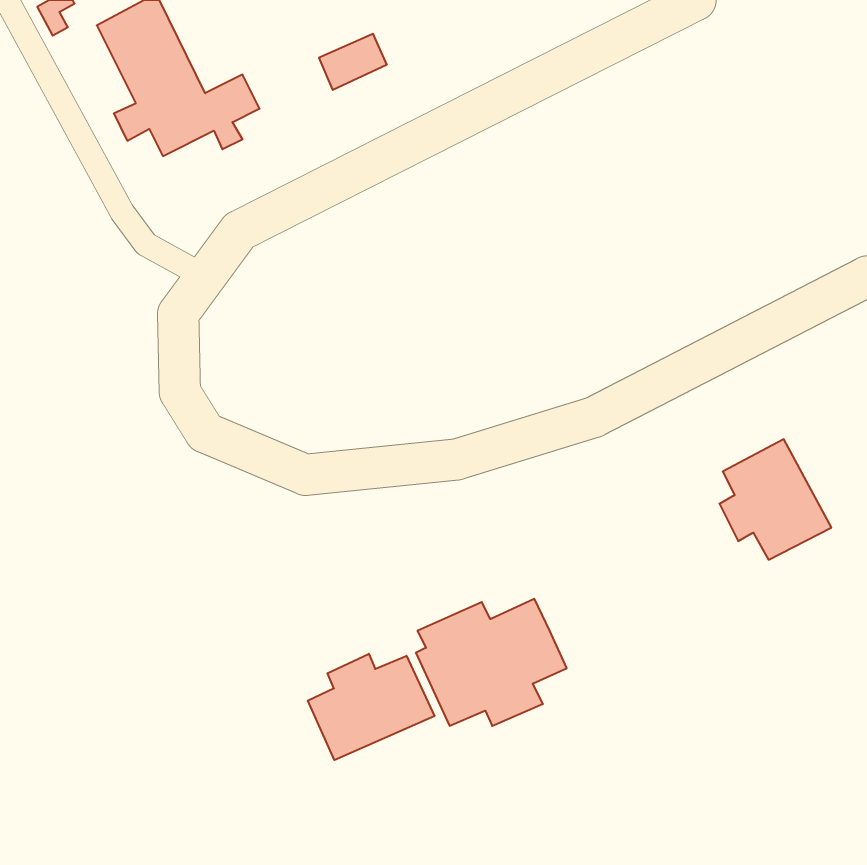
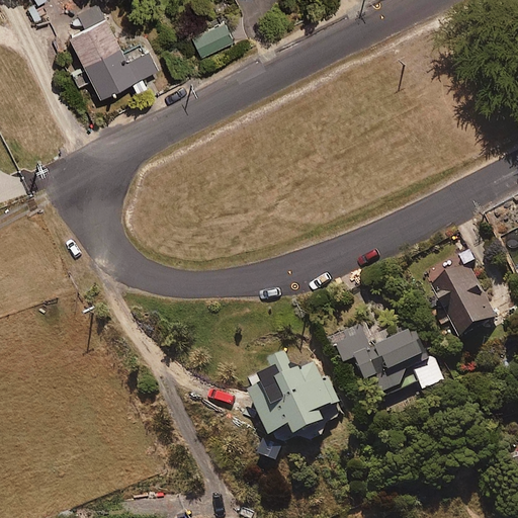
building: none -> [339,323,444,394]
building: [308,654,434,760] -> none

